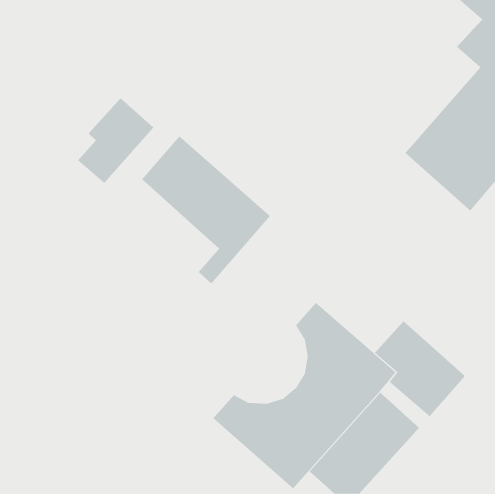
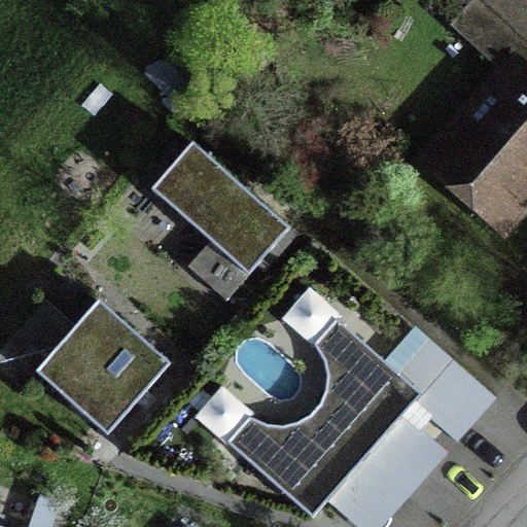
building: [77,97,154,184] -> none
building: none -> [36,301,170,434]

